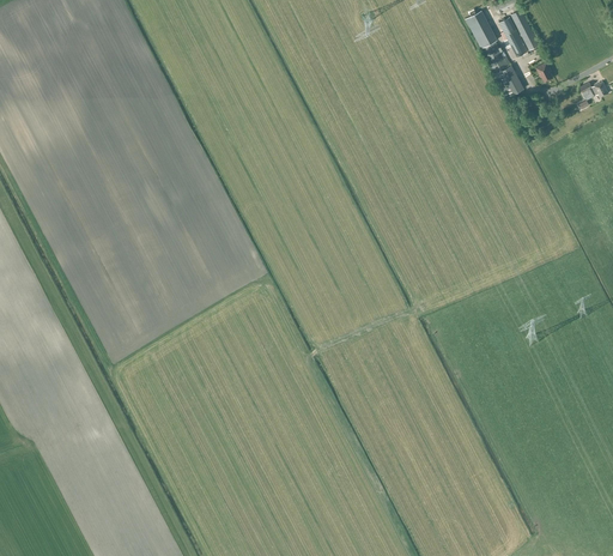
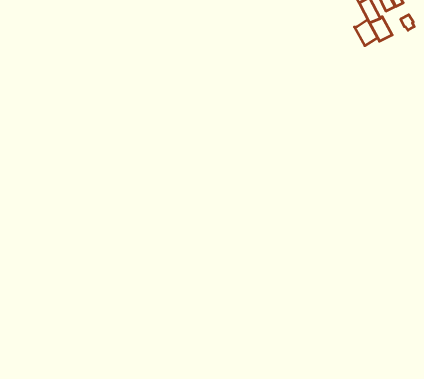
building: none -> [354,19,378,46]

